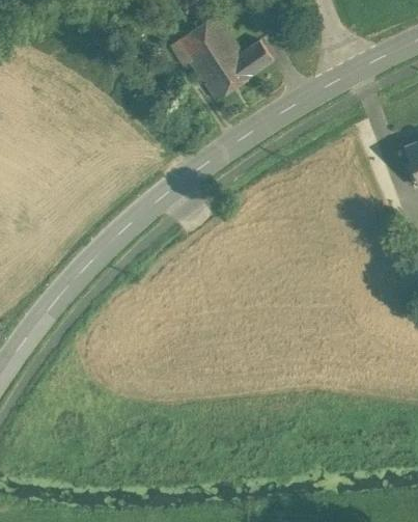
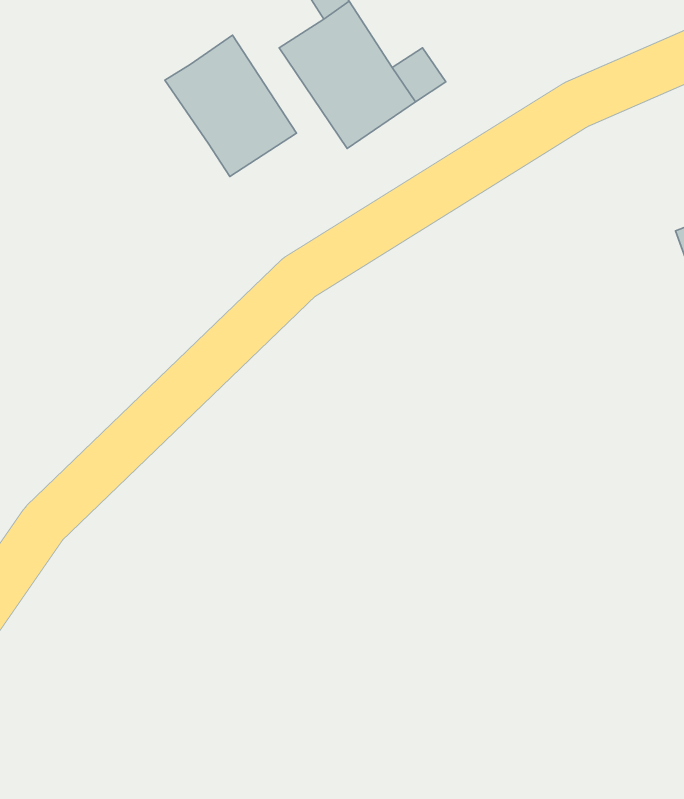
building: none -> [165,35,296,176]

